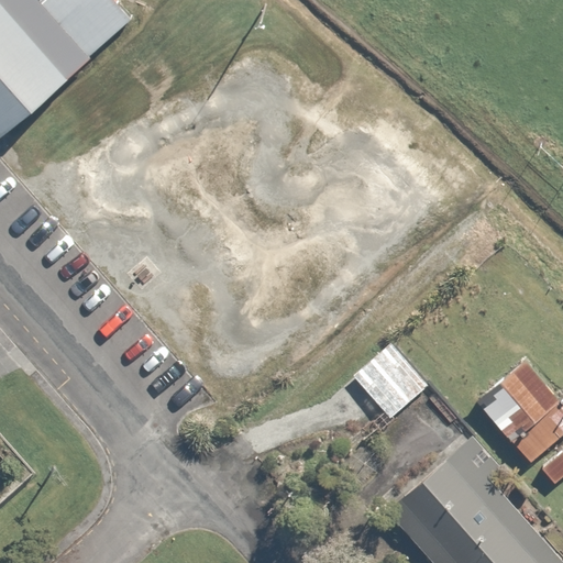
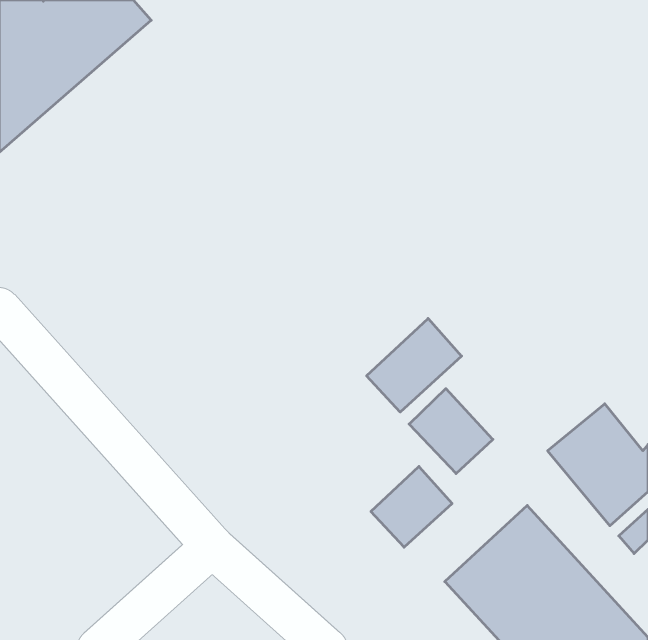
building: none -> [367,318,462,412]
building: none -> [371,466,452,547]

